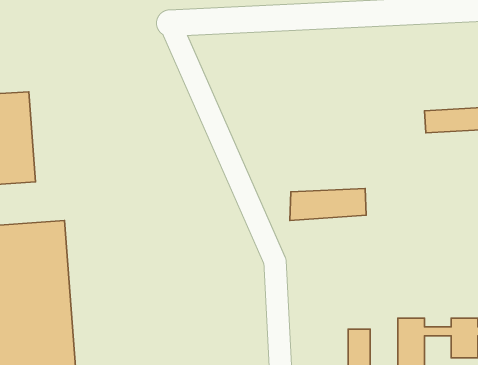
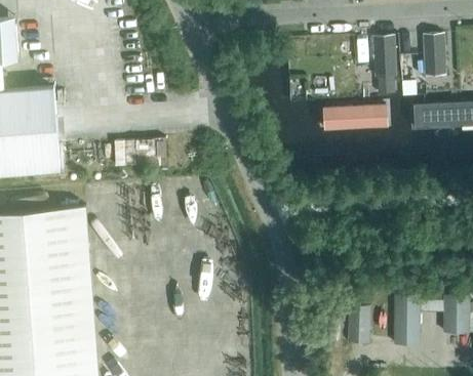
building: none -> [422,35,446,78]
building: none -> [372,36,396,94]
building: [290,188,366,221] -> [328,105,399,134]

